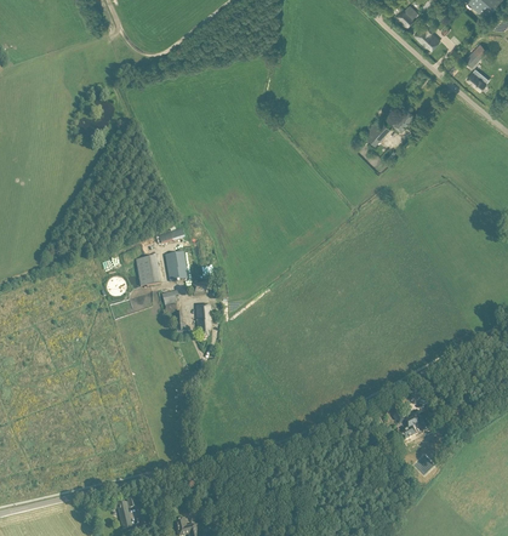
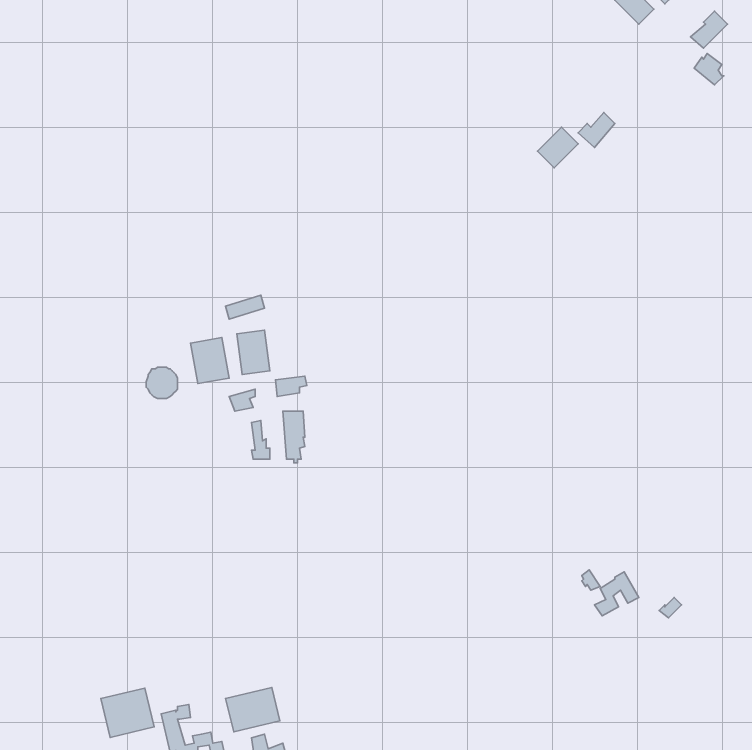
building: none -> [226,688,280,732]
building: none -> [101,688,154,737]

